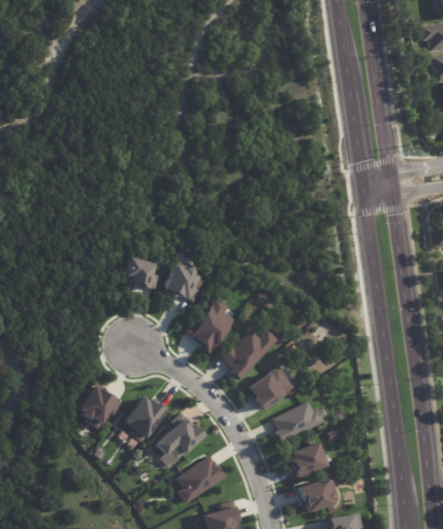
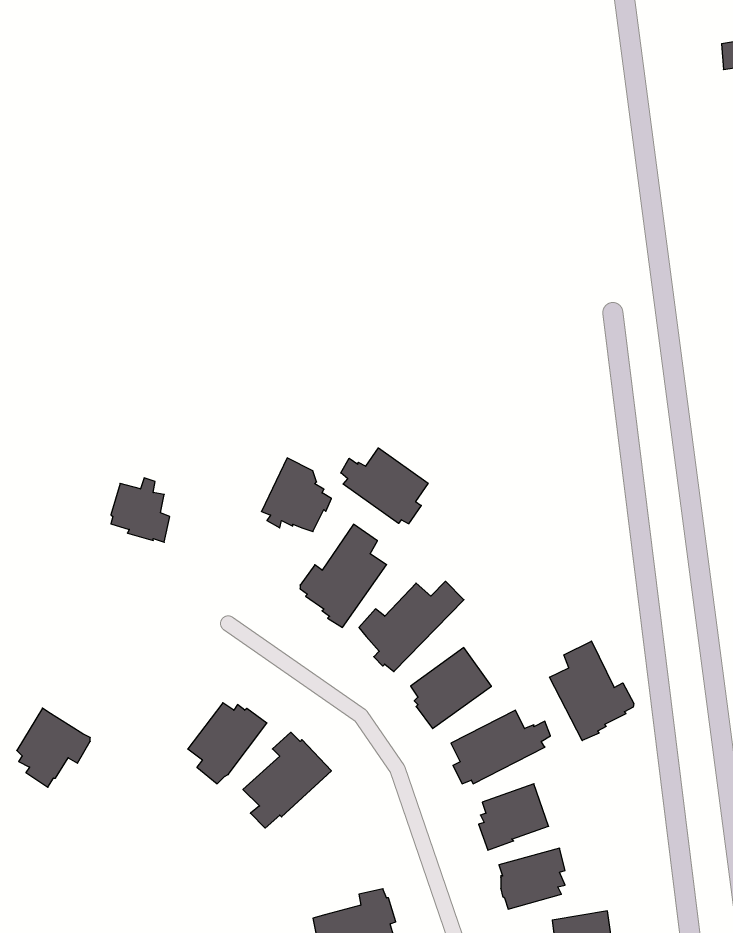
building: none -> [341,448,428,524]
building: [127,254,160,290] -> [111,478,170,542]
building: none -> [550,641,634,741]
building: [80,385,121,430] -> [17,708,90,787]
building: [177,457,226,503] -> none

